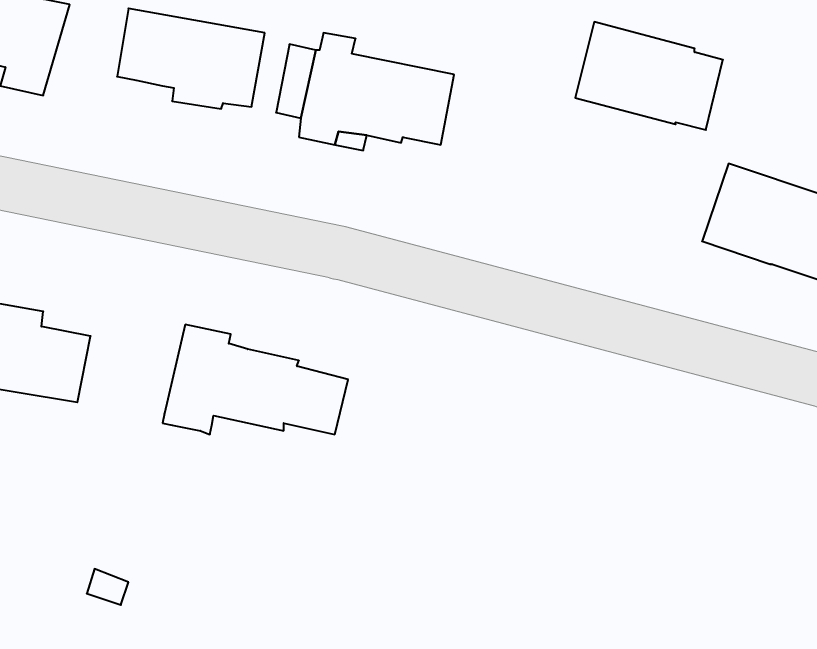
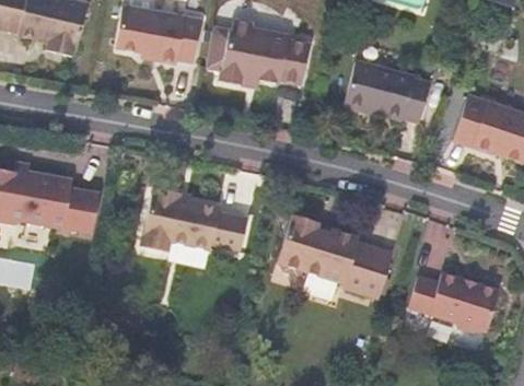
building: [575,22,723,130] -> [346,61,431,124]
building: none -> [280,217,394,300]
building: none -> [409,272,500,334]

